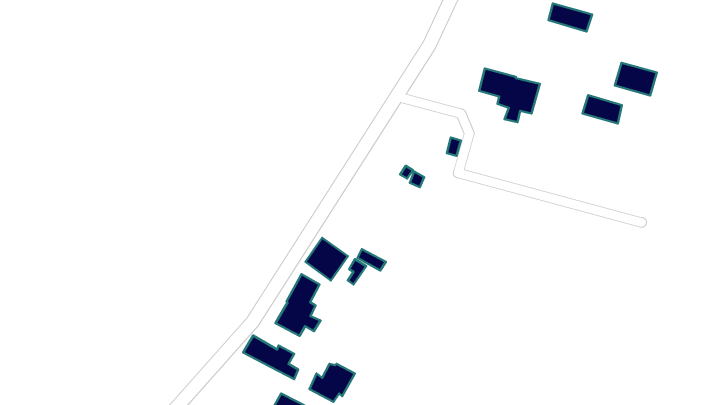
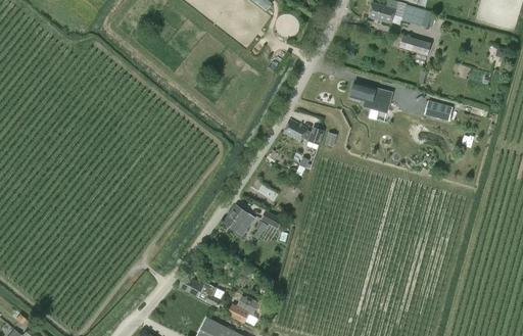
building: [615,63,657,95] -> none
building: none -> [290,123,324,137]
building: [275,274,321,336] -> none

